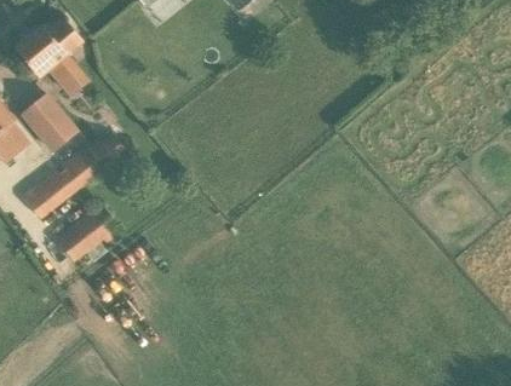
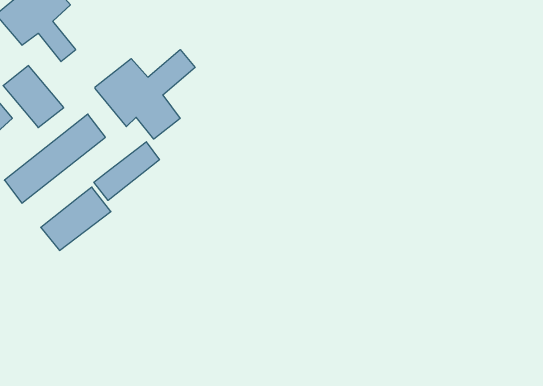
building: none -> [95,50,195,139]
building: none -> [94,142,159,200]

